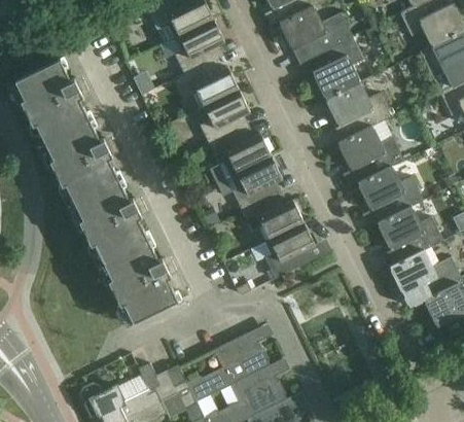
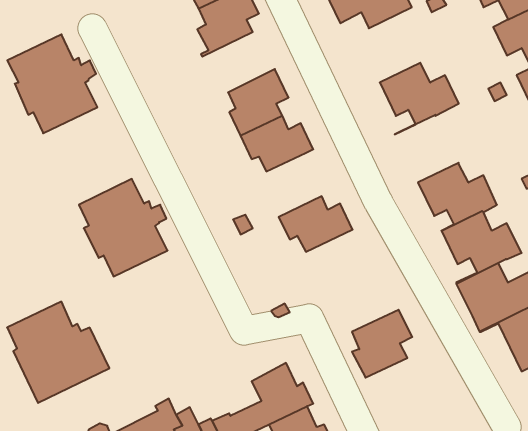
building: [313,37,364,100] -> none
building: [178,58,239,108] -> none
building: [45,120,119,202] -> none
building: [338,127,404,183] -> none
building: [231,155,283,212] -> none
building: [264,222,315,279] -> [352,310,412,378]
building: [104,240,189,324] -> [7,302,109,403]

